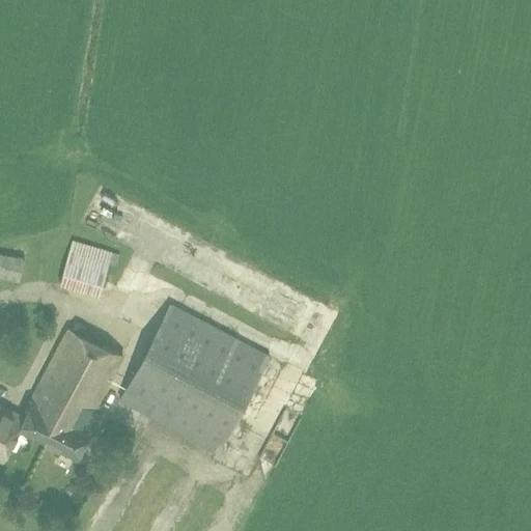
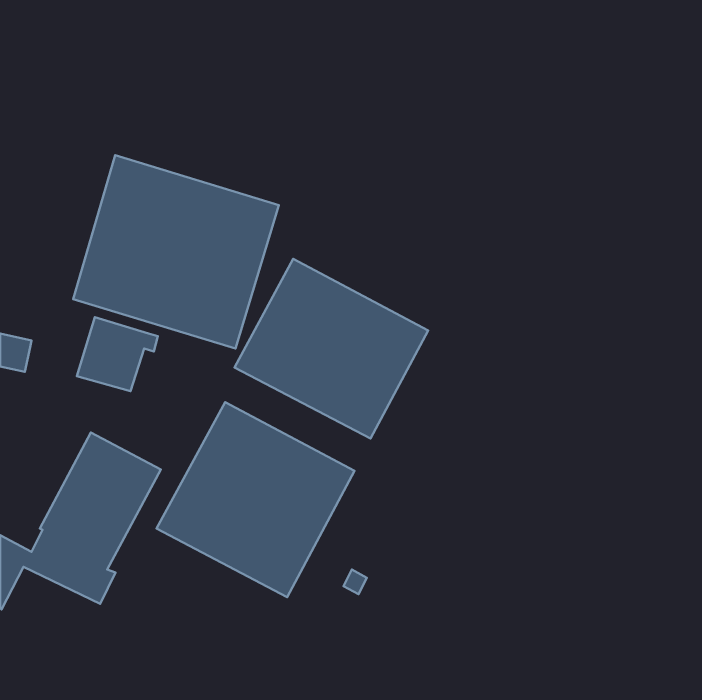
building: none -> [73,155,279,348]
building: none -> [234,259,428,439]

